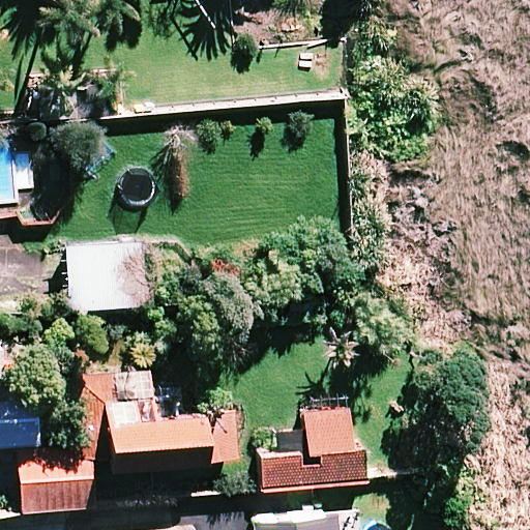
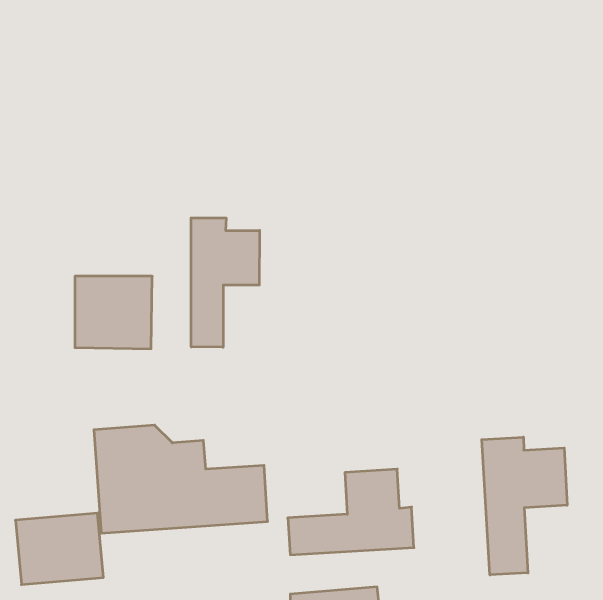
building: none -> [191,218,260,347]
building: none -> [482,437,567,575]

